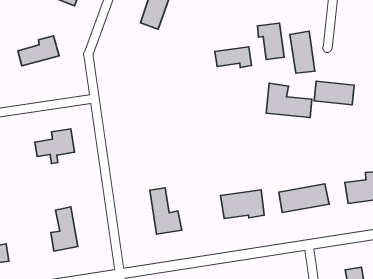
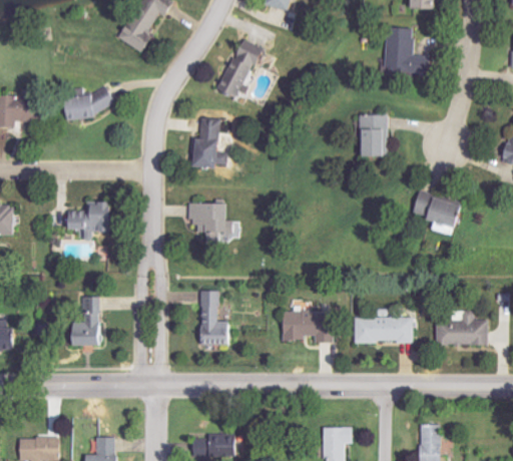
building: [290,31,315,73] -> none
building: [215,47,252,67] -> none
building: none -> [195,118,226,166]
building: [266,83,312,118] -> none
building: none -> [187,202,234,243]

